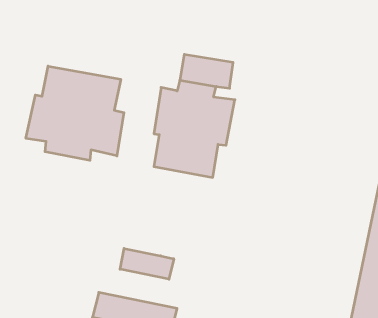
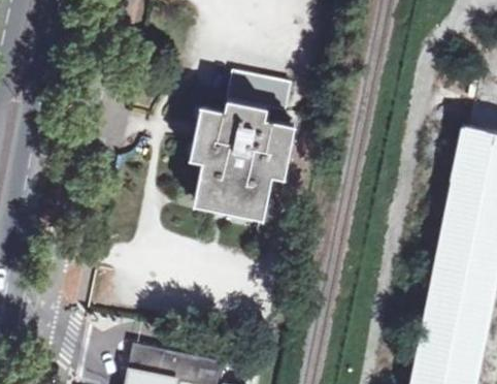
building: [26,66,124,160] -> none
building: [120,248,174,279] -> none

